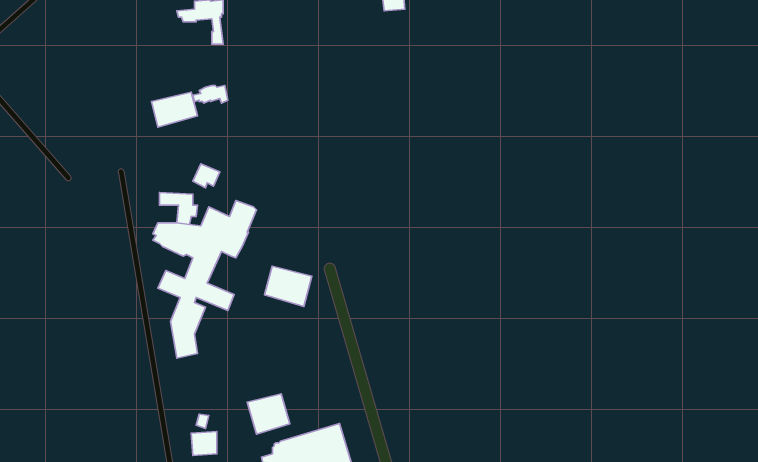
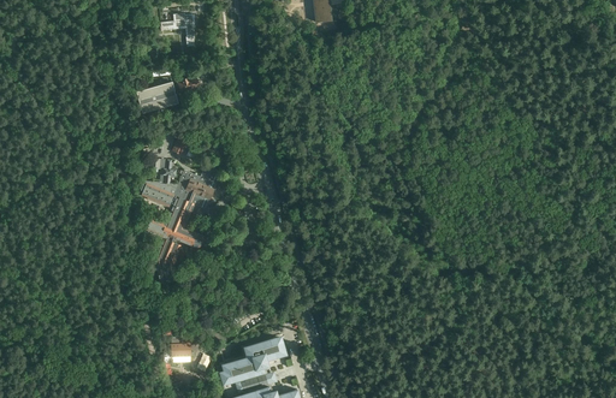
building: [264,266,312,307] -> none
building: [247,394,290,434] -> none

